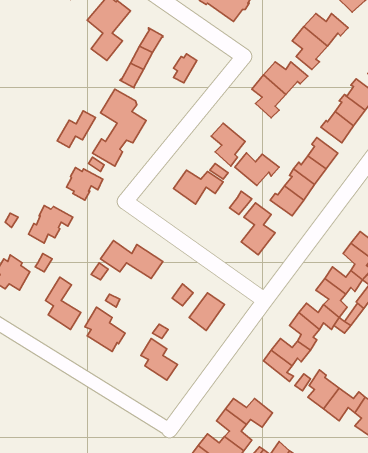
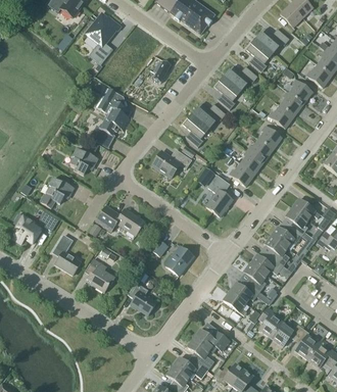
building: [57,111,95,148] -> none
building: [235,153,279,185] -> [192,102,227,128]

